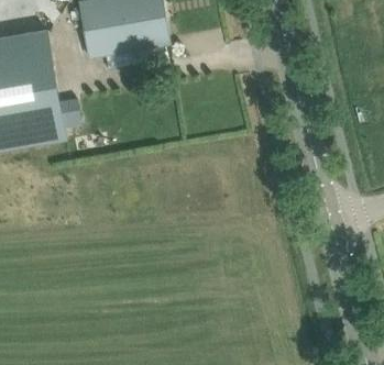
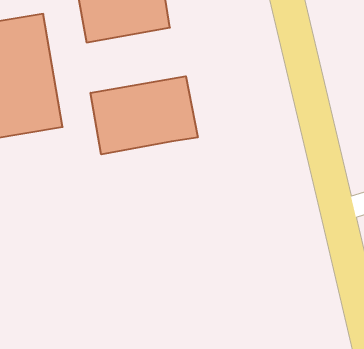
building: none -> [91,76,198,154]

